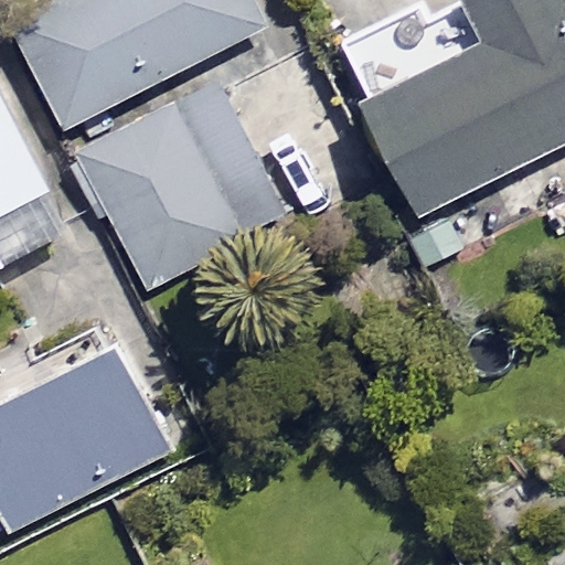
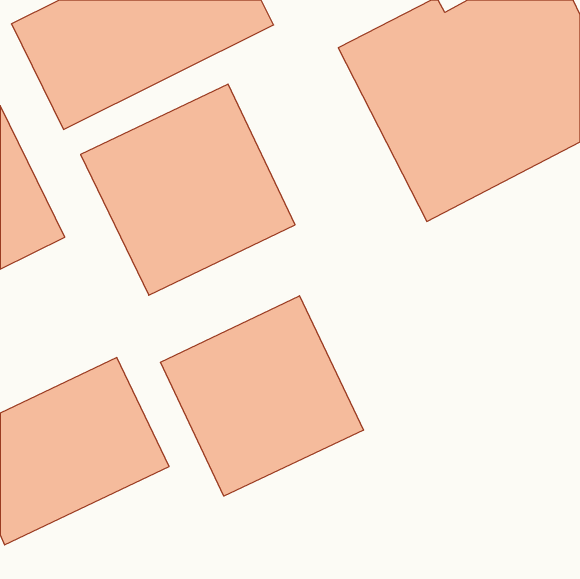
building: none -> [160,296,363,496]

